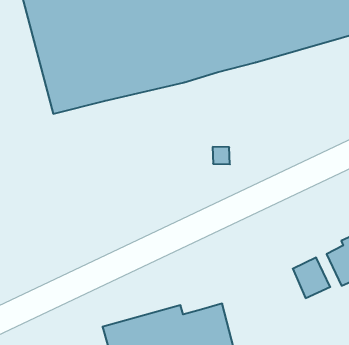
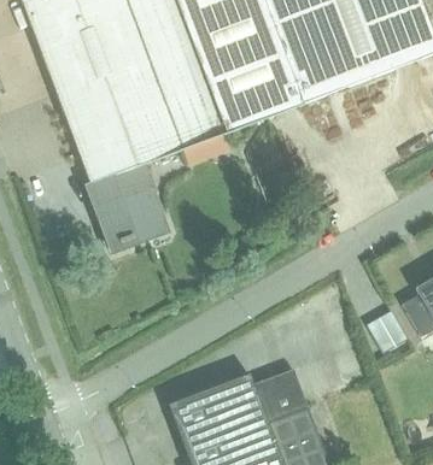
building: none -> [90,161,165,243]

